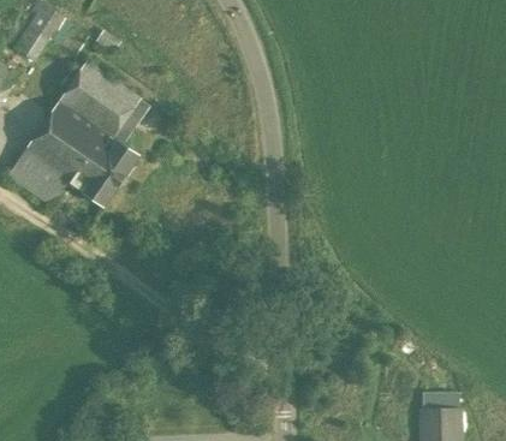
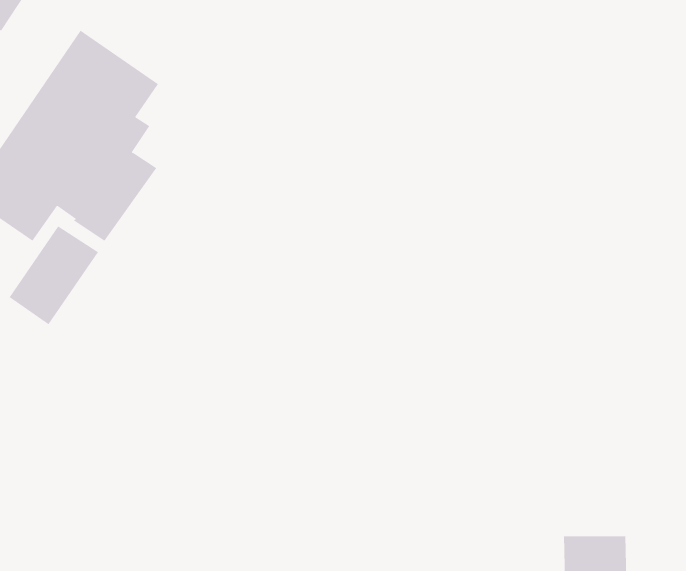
building: none -> [9,225,99,325]

